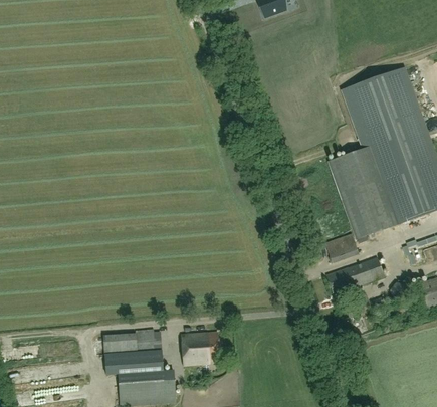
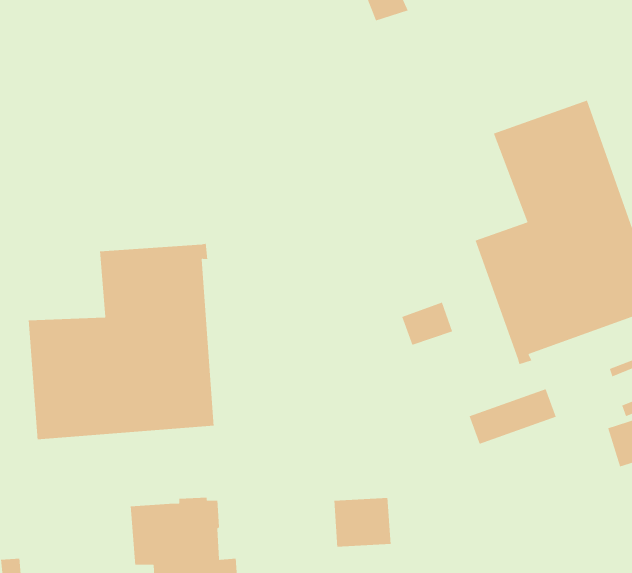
building: none -> [28,243,215,440]
building: [324,233,359,262] -> [401,301,453,346]
building: [181,332,219,365] -> [333,497,391,548]

